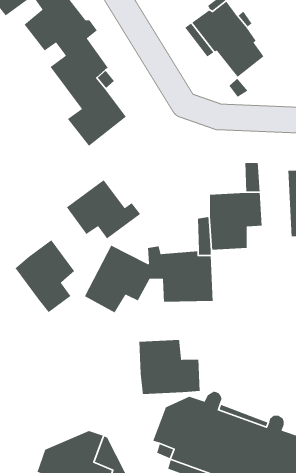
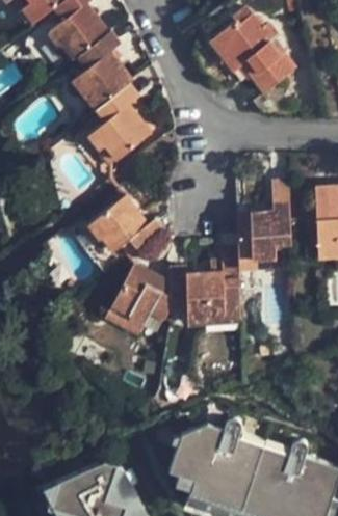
building: [14,239,75,313] -> none
building: [138,339,200,395] -> none

